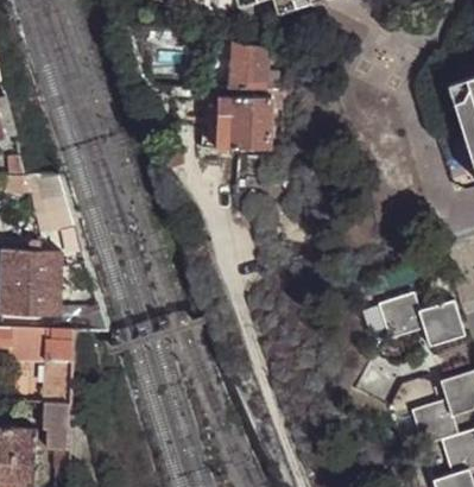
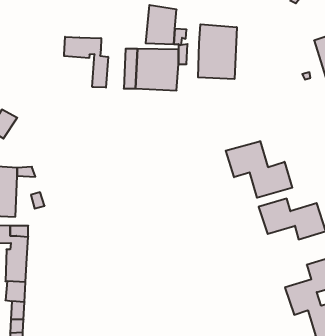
building: none -> [198,24,237,79]
building: none -> [64,37,108,88]
building: none -> [226,141,292,198]

